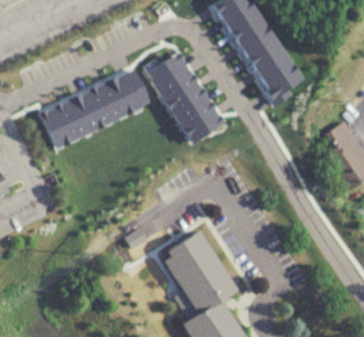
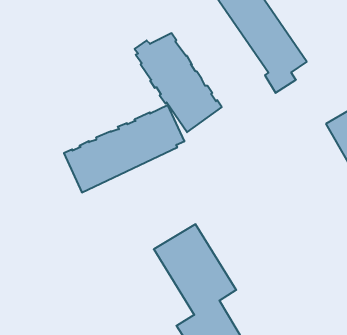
building: [35,68,147,149] -> [64,105,185,192]

